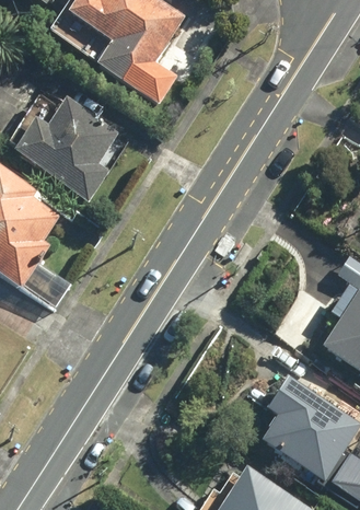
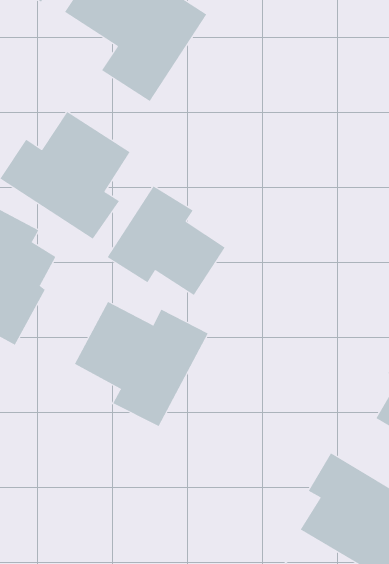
building: none -> [107,185,226,296]
building: none -> [74,301,209,427]

